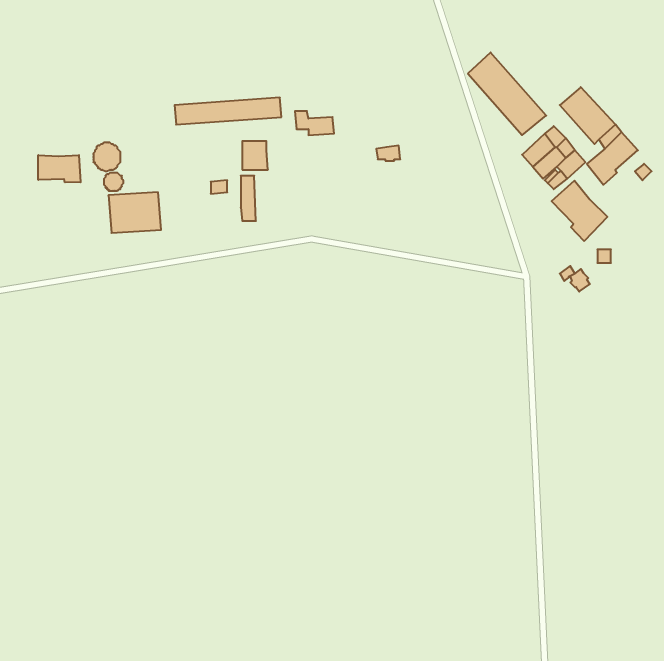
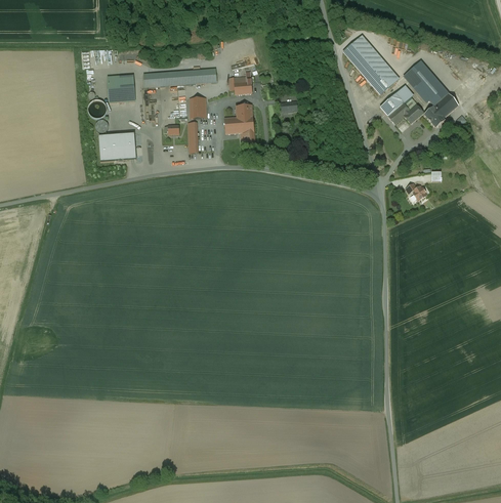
building: none -> [108,74,135,101]
building: none -> [224,103,255,144]
building: [38,155,81,182] -> none
building: [552,181,607,241] -> none

